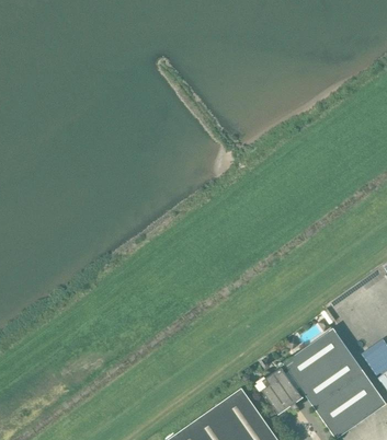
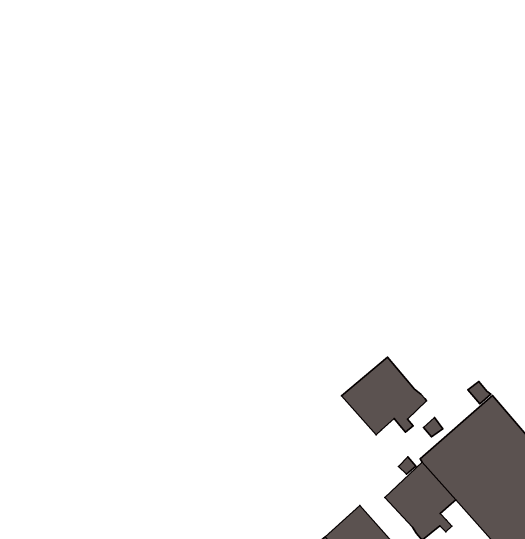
building: none -> [342,357,426,435]

